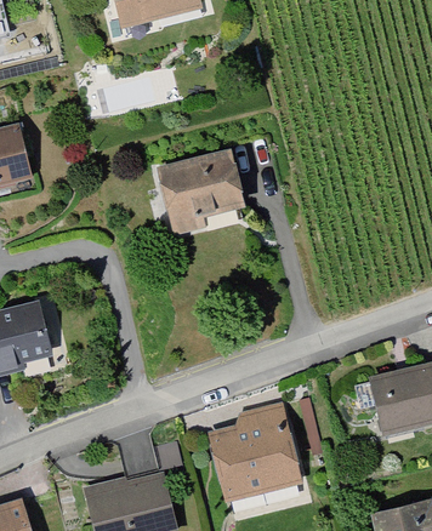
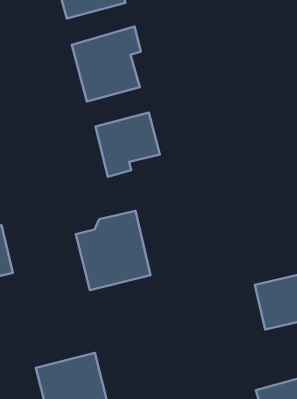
building: none -> [72,27,141,101]
building: [209,400,306,503] -> [76,211,150,290]

